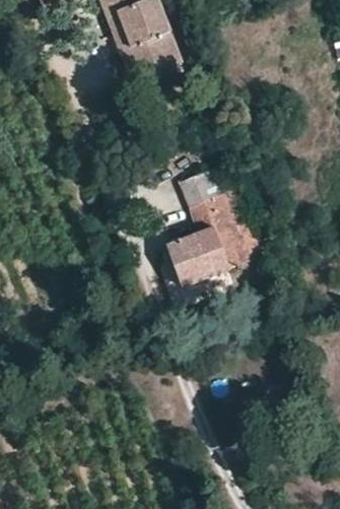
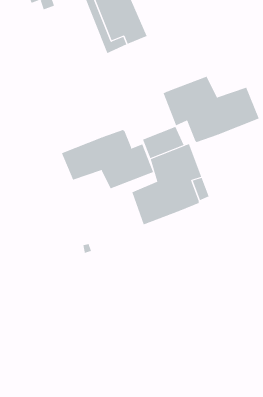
building: none -> [163,76,260,143]
building: none -> [61,129,154,189]

